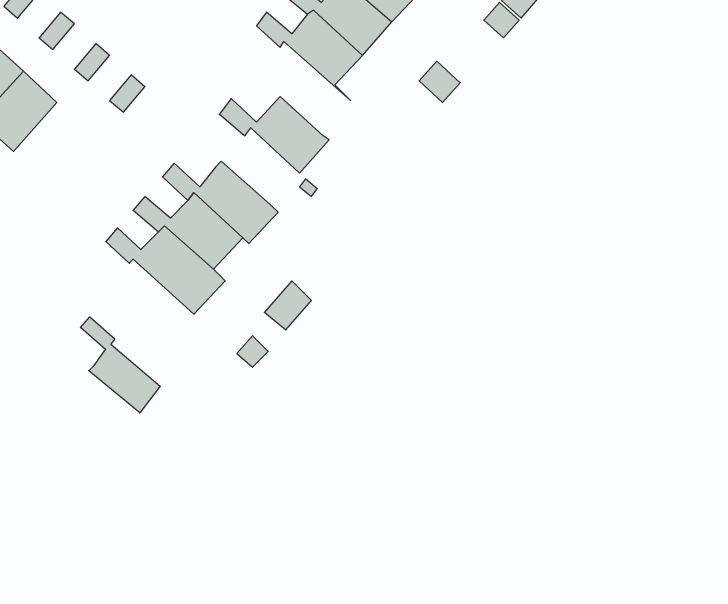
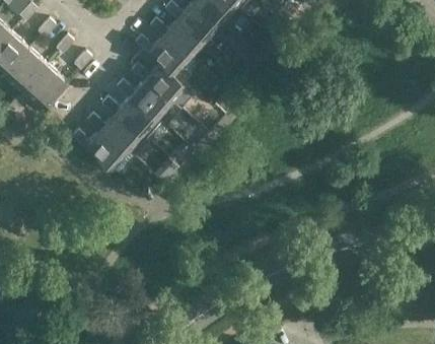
building: none -> [135,32,199,81]
building: none -> [24,64,66,106]
building: none -> [117,77,172,117]
building: [81,317,160,413] -> none

